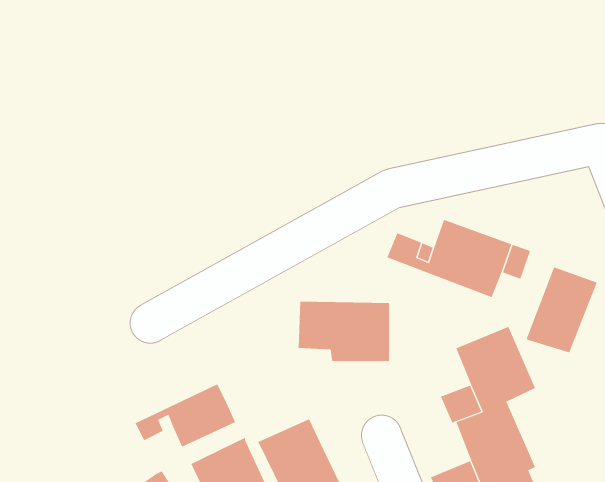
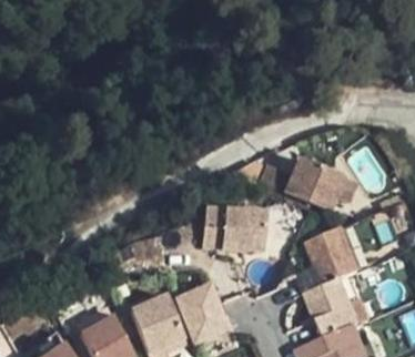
building: [526,267,597,353] -> none
building: [135,384,236,447] -> none

